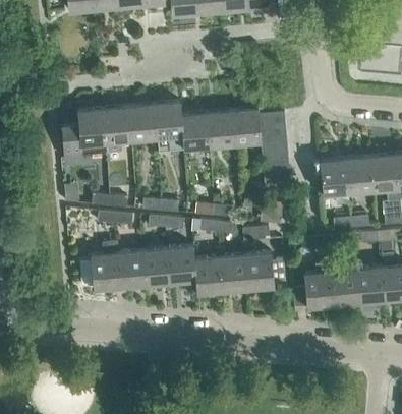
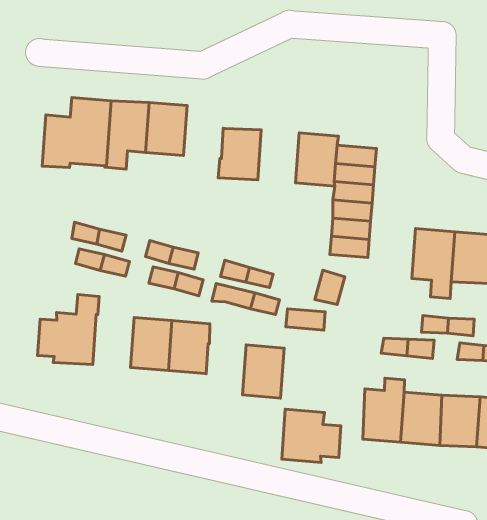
building: [155,102,183,151] -> none
building: [207,110,235,145] -> none
building: [117,250,146,286] -> none
building: [245,252,286,288] -> [282,409,341,462]
building: [194,256,223,293] -> none

